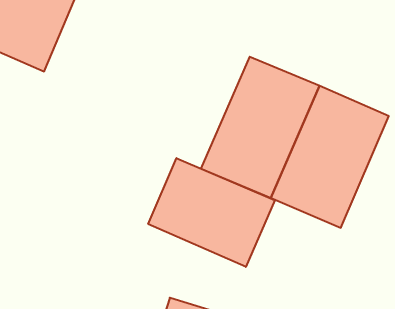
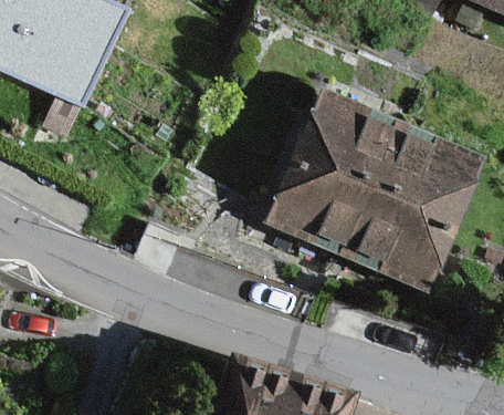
building: [148,158,275,267] -> none

